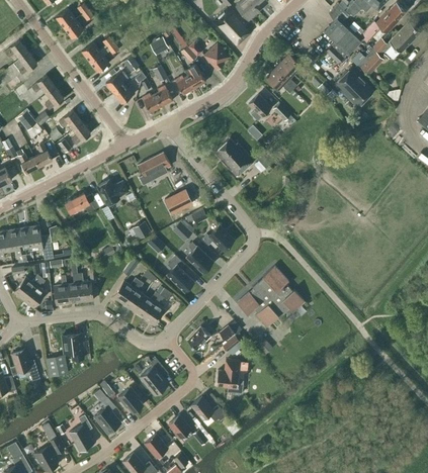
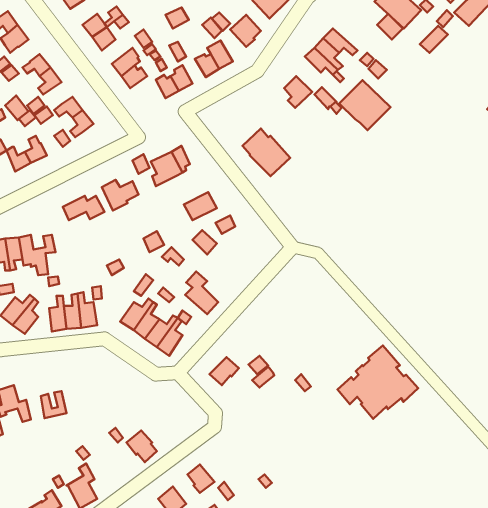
building: [333,66,375,107] -> [339,80,391,130]
building: [201,225,234,251] -> none
building: [186,243,212,273] -> none
building: [237,266,304,326] -> [338,346,418,419]
building: [62,334,84,360] -> none
building: [140,358,168,395] -> none
building: [216,361,243,393] -> none
building: [94,397,120,434] -> none
building: [190,397,226,421] -> none

